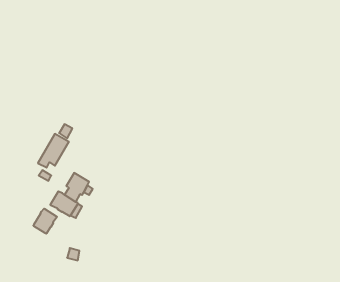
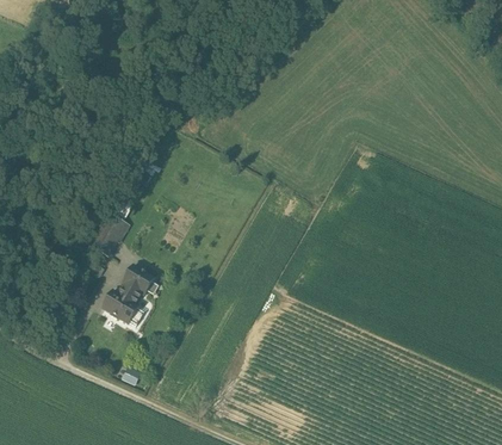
building: [33,209,57,234] -> none

